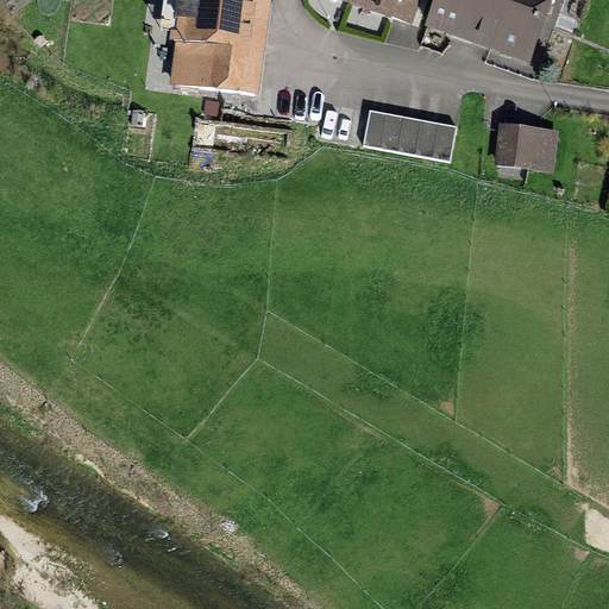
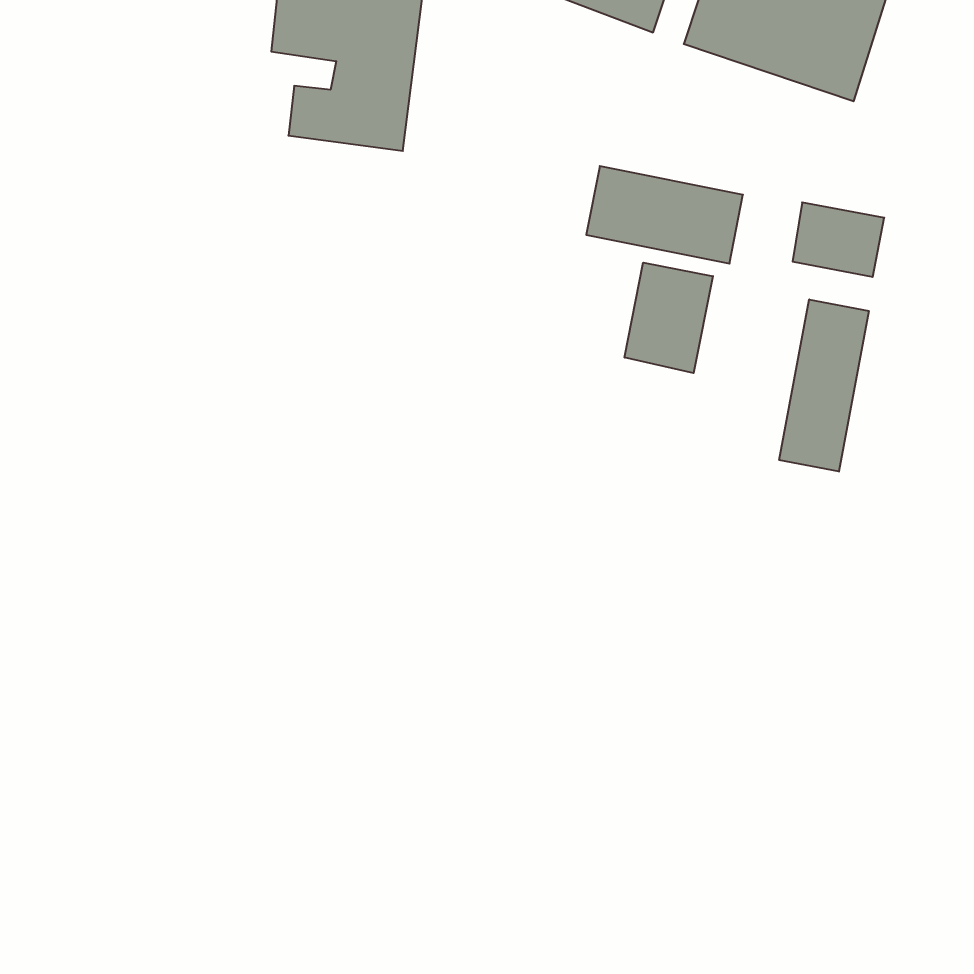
building: none -> [625,263,713,373]
building: none -> [779,299,869,472]

